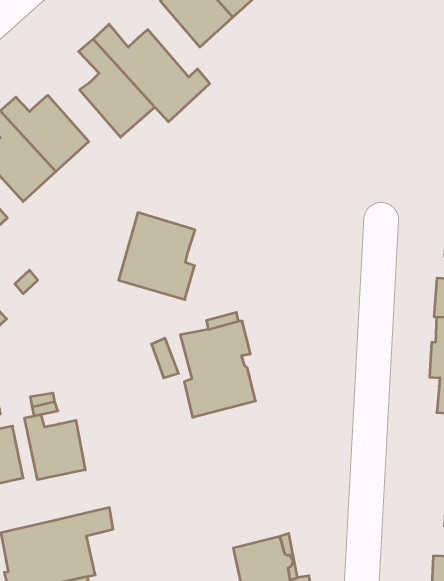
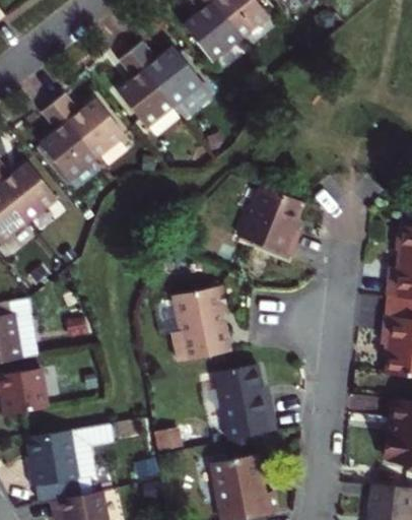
building: [119,213,195,300] -> [239,186,302,257]
building: [25,414,85,480] -> none
building: none -> [216,369,277,444]

